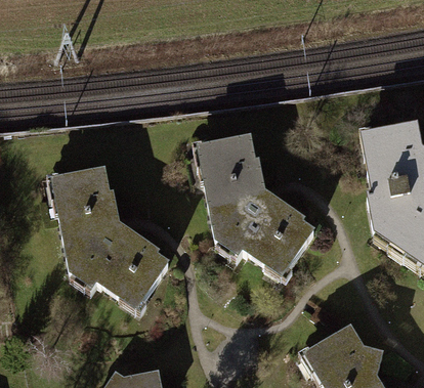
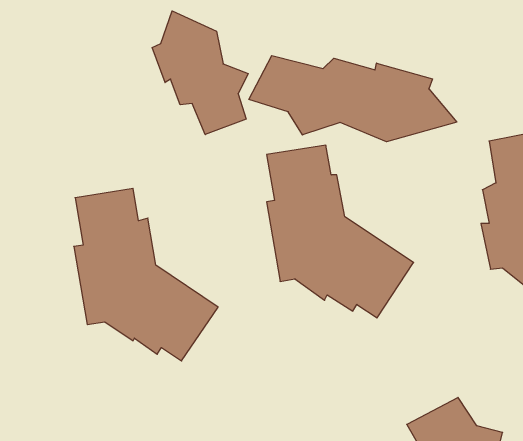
building: none -> [152,11,248,135]
building: none -> [249,56,457,142]

